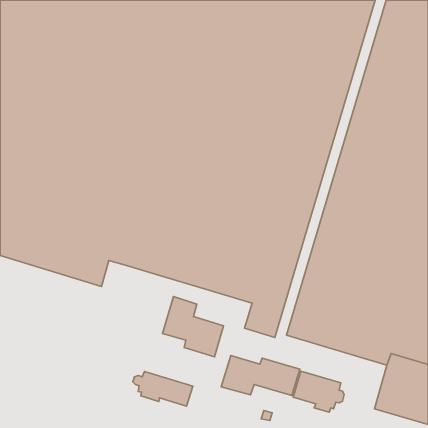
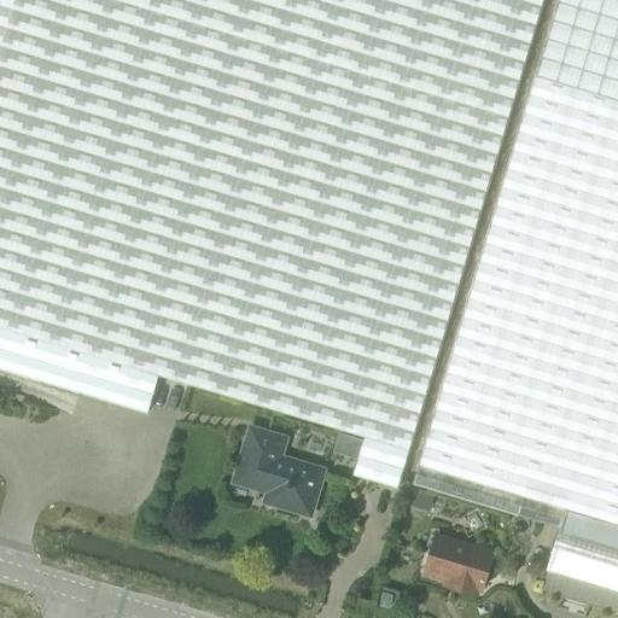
building: [221,355,300,395] -> none
building: [133,371,193,406] -> none

